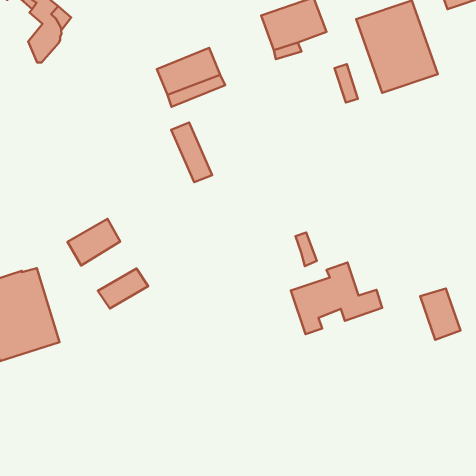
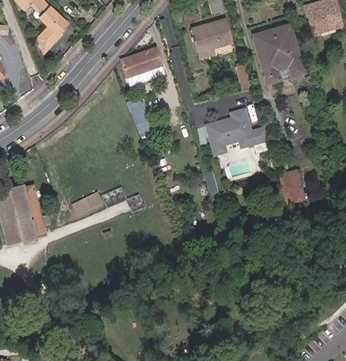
building: [68,219,120,265] -> none
building: [291,262,382,334] -> [206,109,265,154]
building: [420,288,461,340] -> [278,170,303,203]

